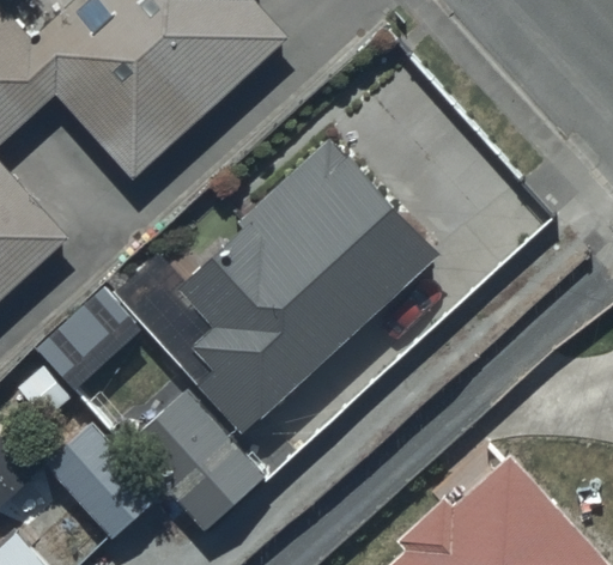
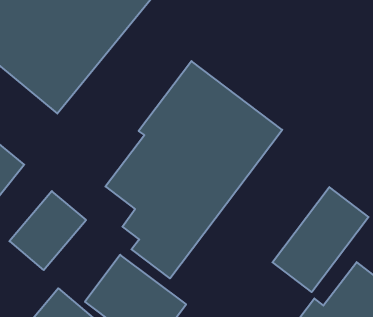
building: none -> [272,187,369,292]

